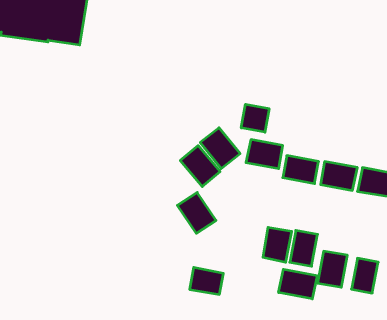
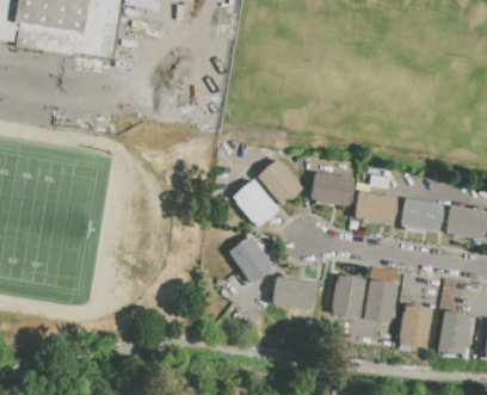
building: [241,104,269,132] -> none
building: [190,267,223,294] -> [273,277,314,309]
building: [279,269,317,299] -> none

